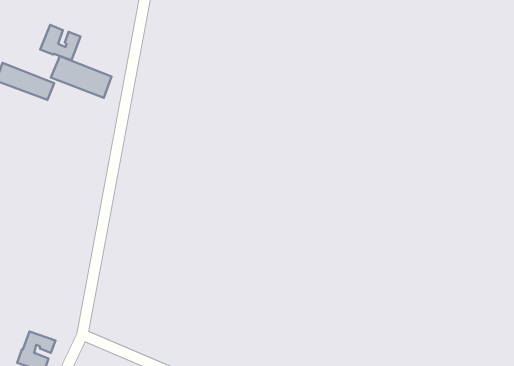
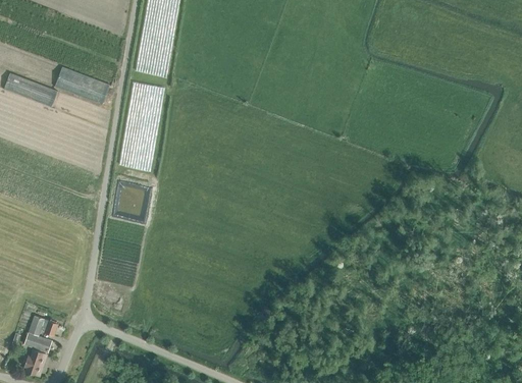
building: [40,25,80,60] -> none

